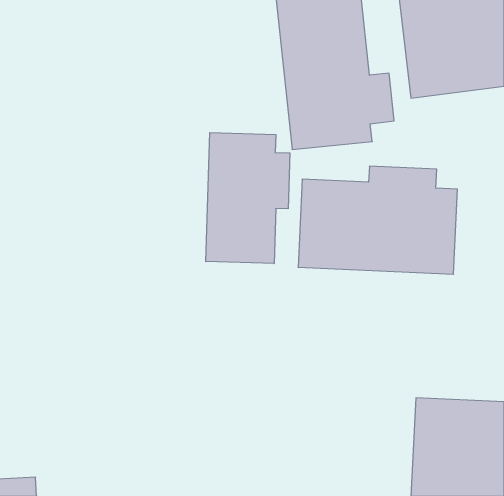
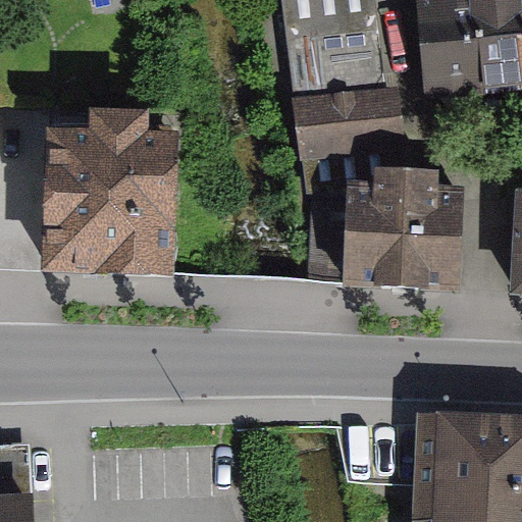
building: none -> [47,112,171,268]
building: [206,133,290,264] -> none

